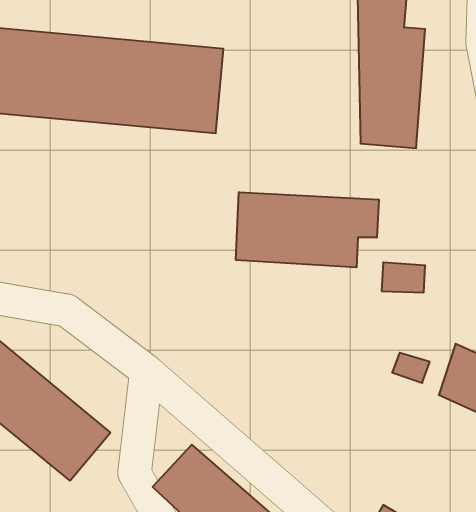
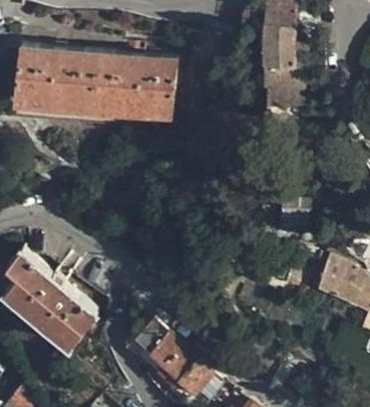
building: [236,192,379,267] -> none

